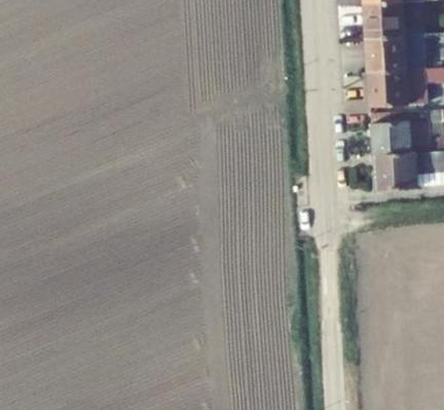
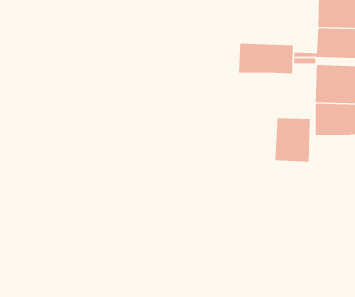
building: none -> [238,43,294,74]
building: none -> [274,117,311,163]

